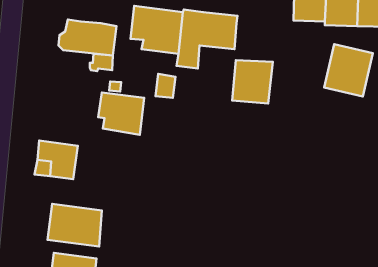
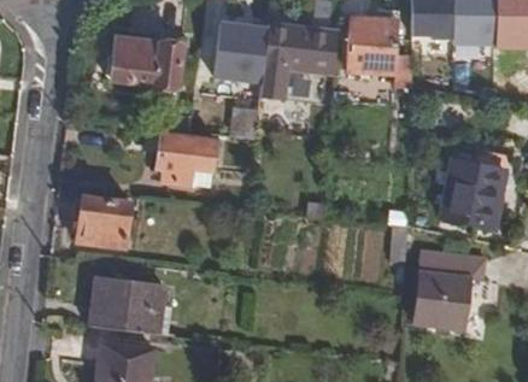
building: [324,44,373,97] -> [439,159,503,228]
building: [232,60,273,103] -> [350,18,403,75]
building: none -> [420,247,487,321]

